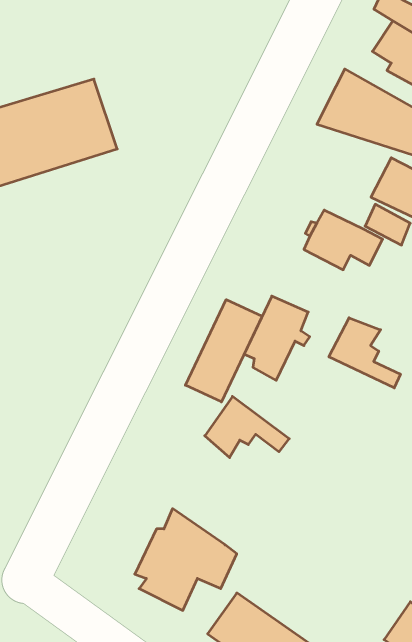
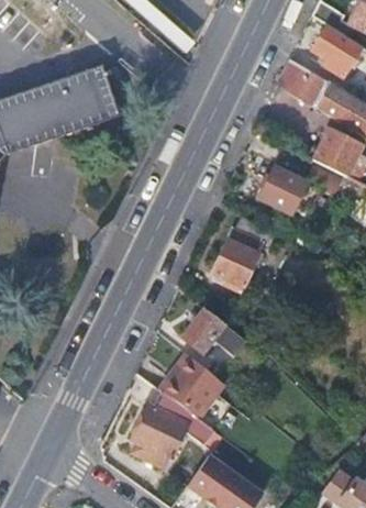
building: [185,300,262,402] -> none
building: [329,318,400,388] -> none
building: none -> [157,355,223,420]

